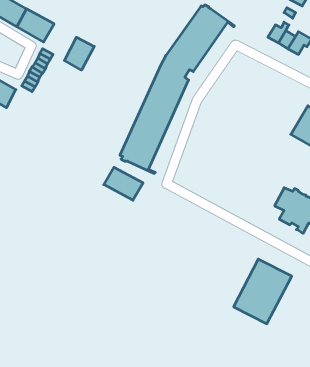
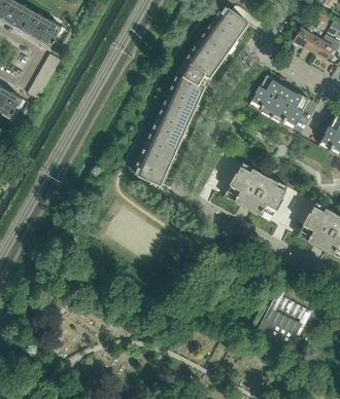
building: [64,37,94,70] -> none
building: none -> [248,74,309,131]
building: none -> [226,166,281,216]
building: [104,167,143,200] -> none

